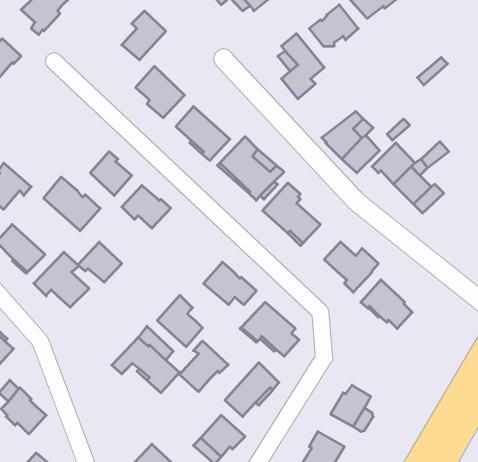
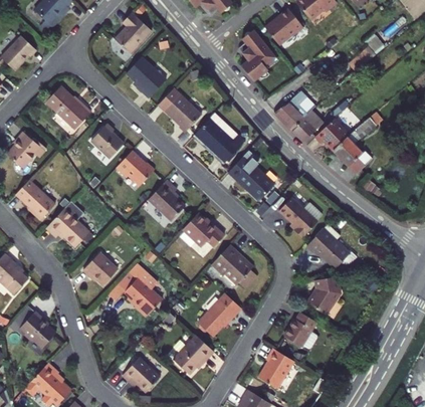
building: [44,177,100,231] -> [45,86,90,130]
building: [78,242,122,282] -> [82,252,118,284]
building: [157,295,203,347] -> [148,179,184,220]
building: [179,341,228,392] -> none
building: none -> [304,275,338,315]

